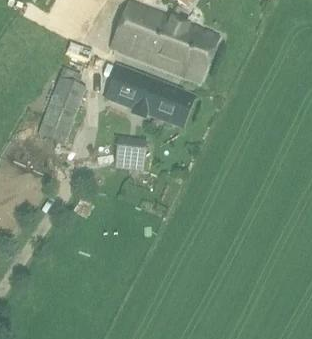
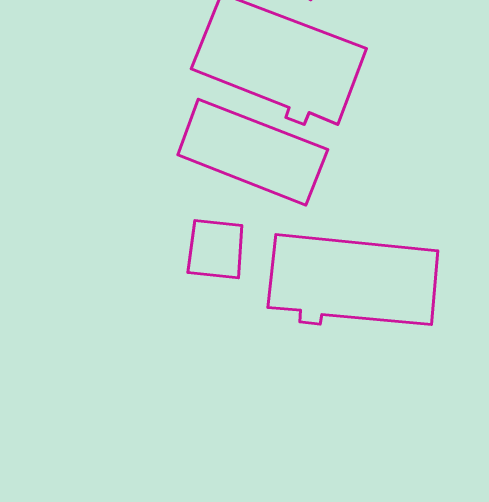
building: [36,76,85,143] -> none
building: none -> [268,234,438,324]

